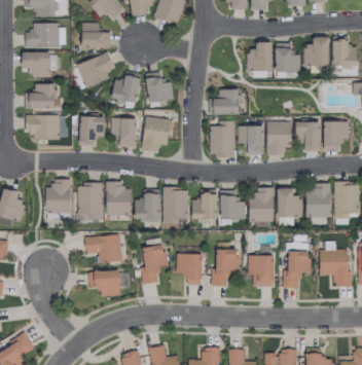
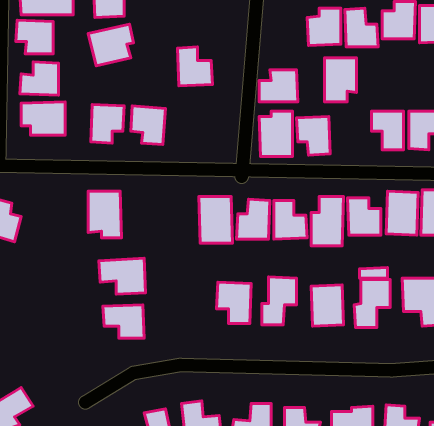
building: [112,72,139,102] -> none
building: [142,117,172,152] -> none
building: [266,121,291,155] -> [324,58,357,102]
building: [45,179,71,213] -> none
building: [106,181,131,215] -> none
building: [135,189,159,221] -> none
building: [141,245,167,284] -> none

